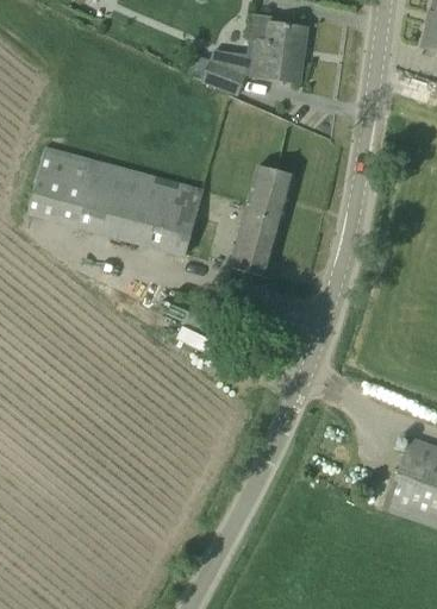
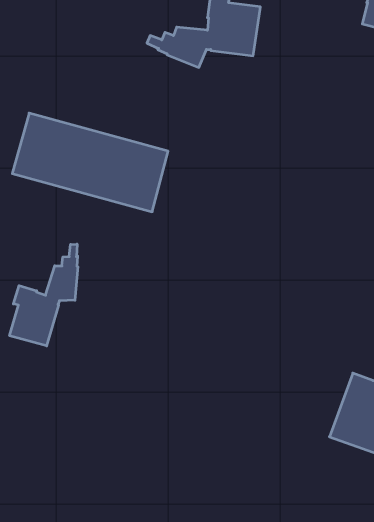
building: [230,164,295,275] -> none
building: none -> [10,244,78,346]

